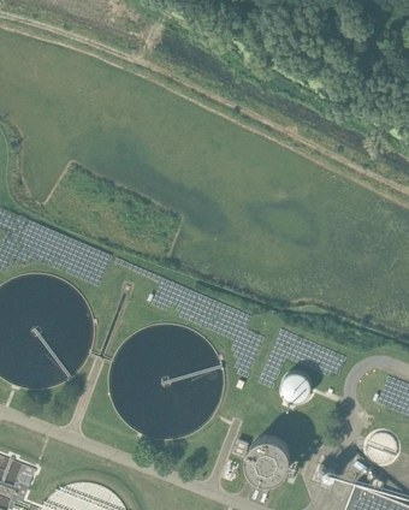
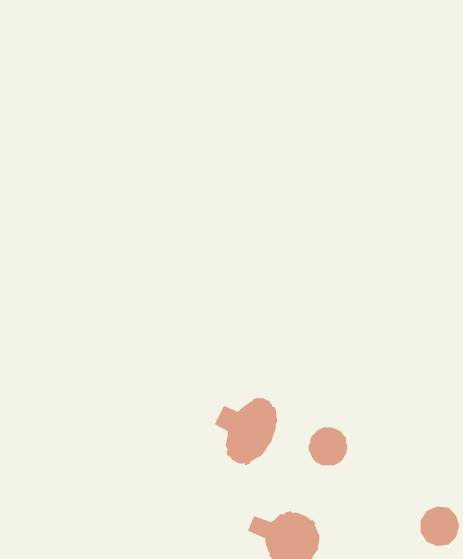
building: none -> [214,397,278,467]

